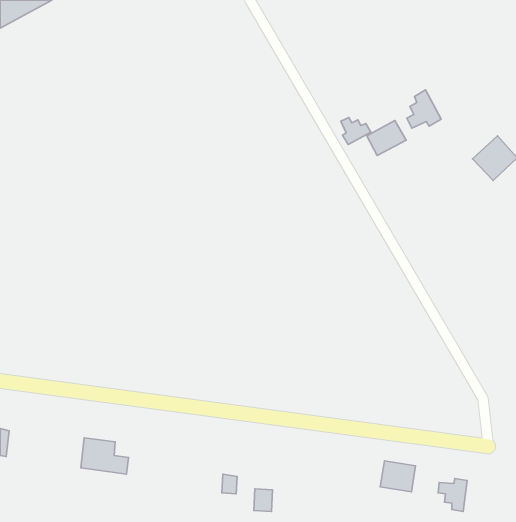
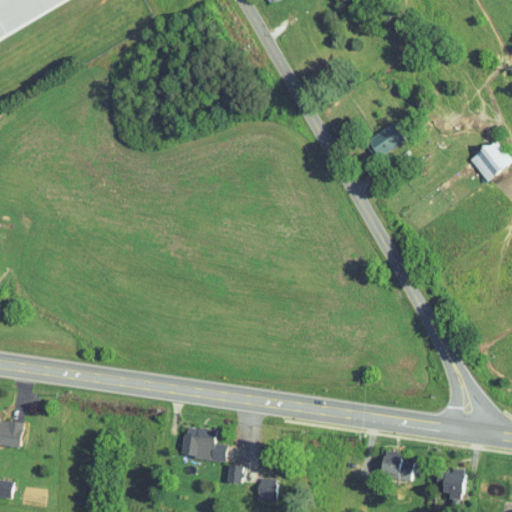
building: [407,90,441,128] -> none
building: [341,117,371,145] -> none
building: [81,438,129,474] -> [181,427,227,462]

